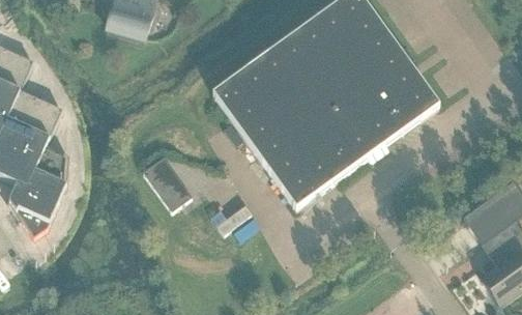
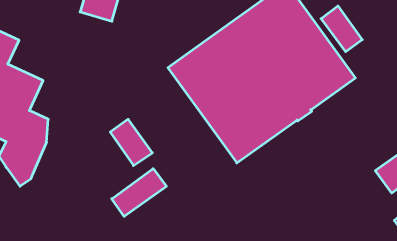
building: none -> [321,6,362,52]
building: none -> [112,169,166,216]

